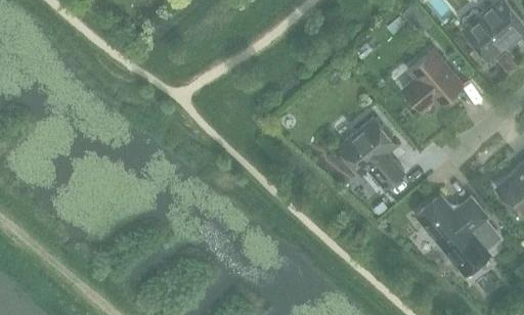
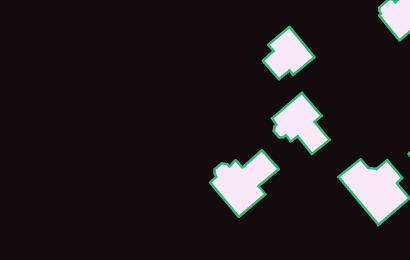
building: [402,50,462,110] -> [263,27,314,79]
building: none -> [210,150,279,217]

